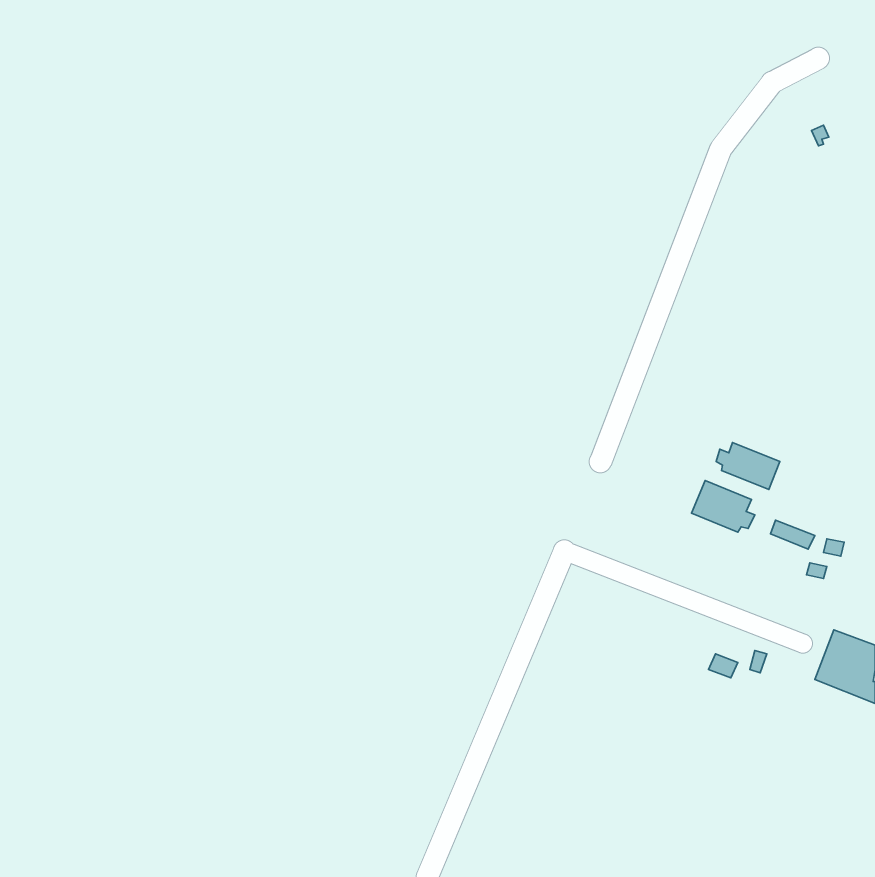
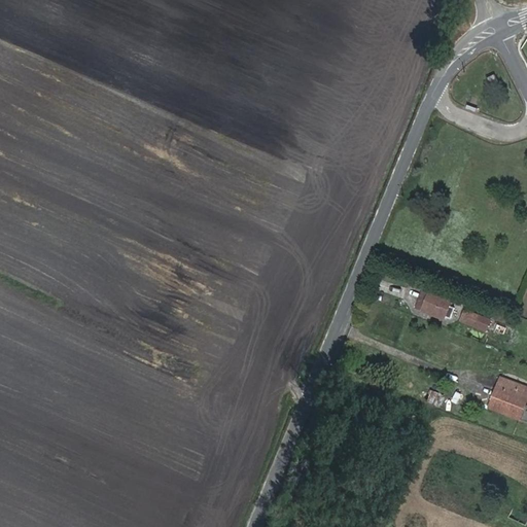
building: [716,442,780,490] -> none

